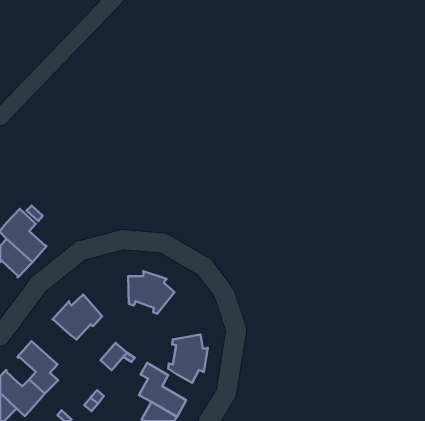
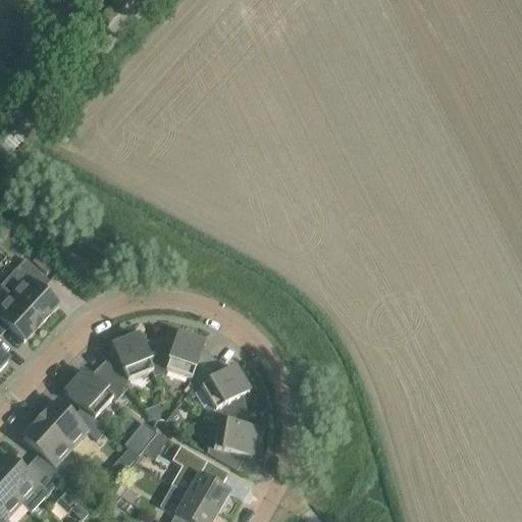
building: none -> [102,332,158,387]
building: none -> [193,358,248,416]
building: none -> [39,400,106,447]

